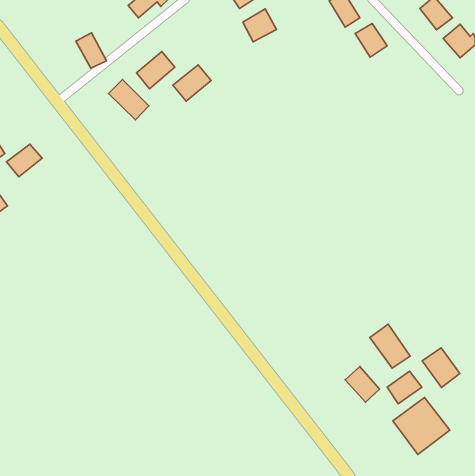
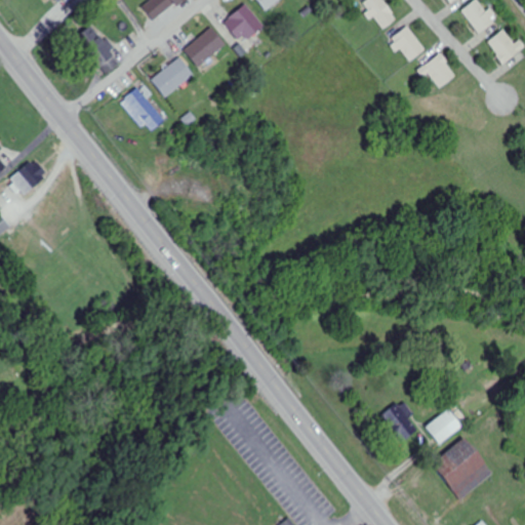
building: [243,9,277,42] -> [224,4,260,40]
building: none -> [416,53,456,88]
building: [173,65,211,101] -> [183,27,225,67]
building: [370,324,410,368] -> none
building: [422,348,460,387] -> none

